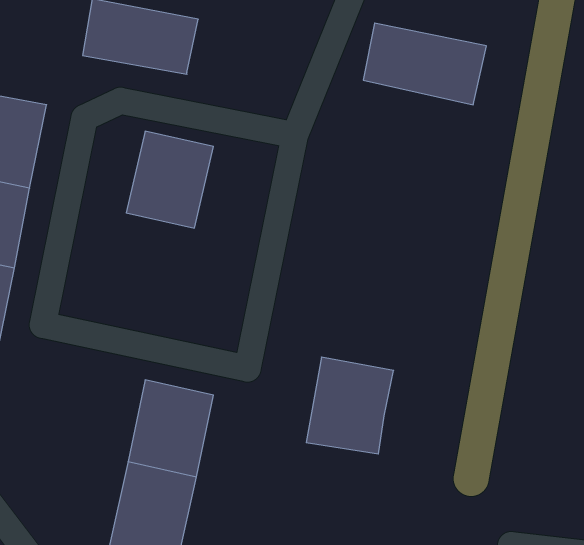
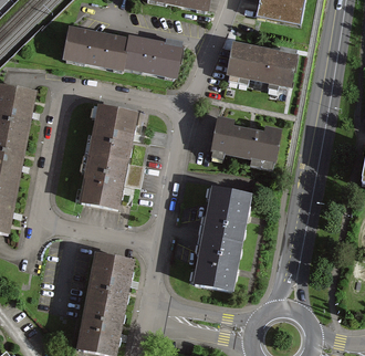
building: none -> [122,35,182,80]
building: none -> [211,113,284,160]
building: none -> [76,151,126,210]
building: none -> [200,187,251,243]

